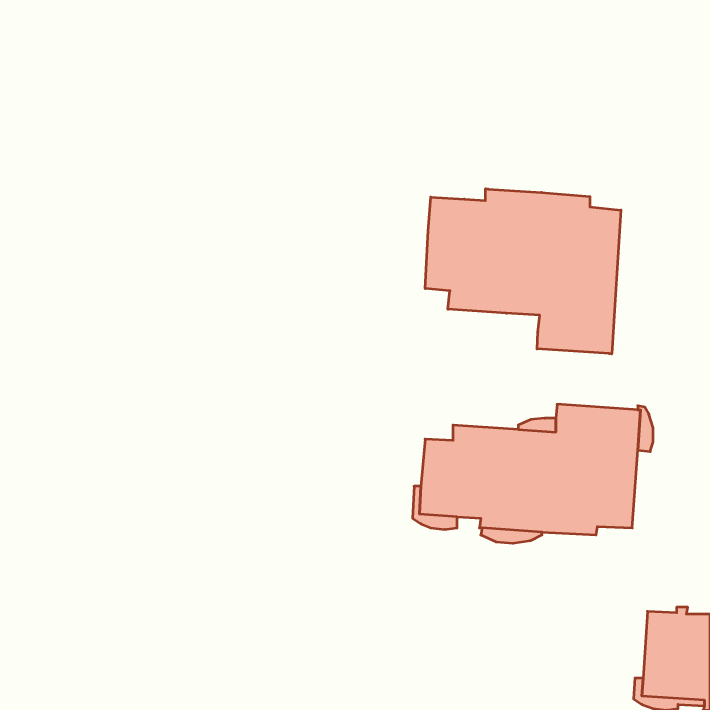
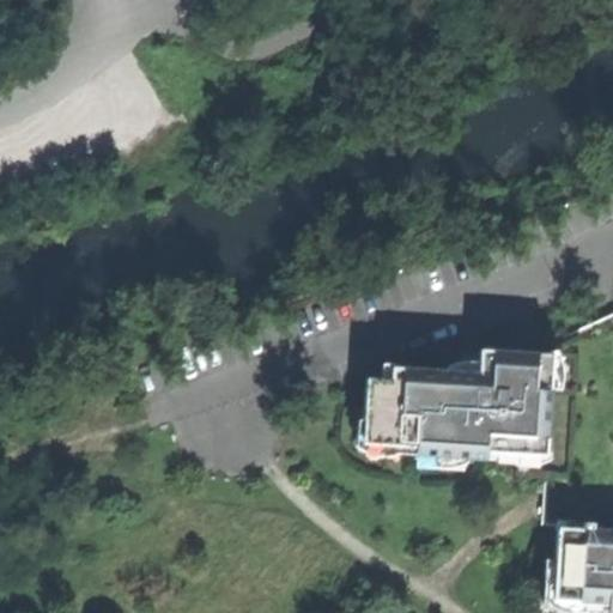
building: [425,189,621,354] -> none

